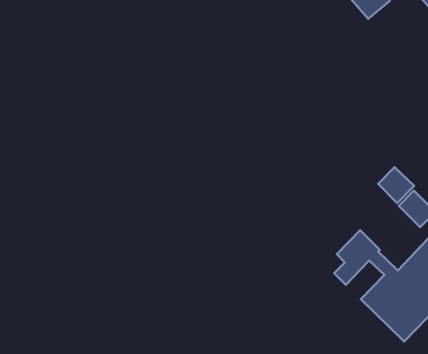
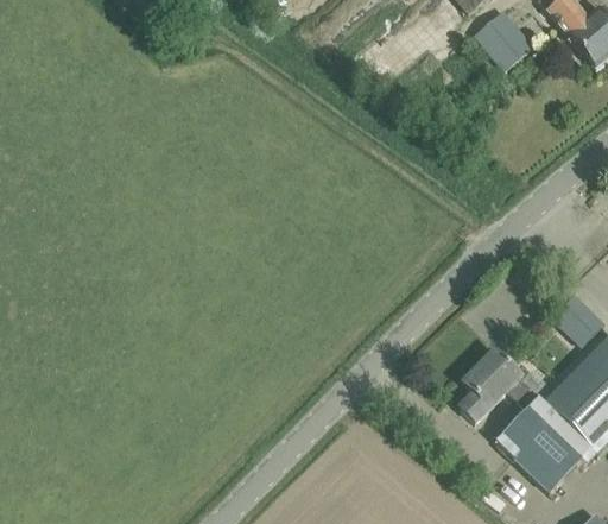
building: [378,167,414,203] -> none

